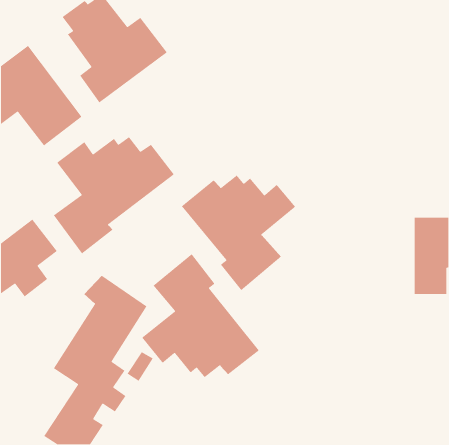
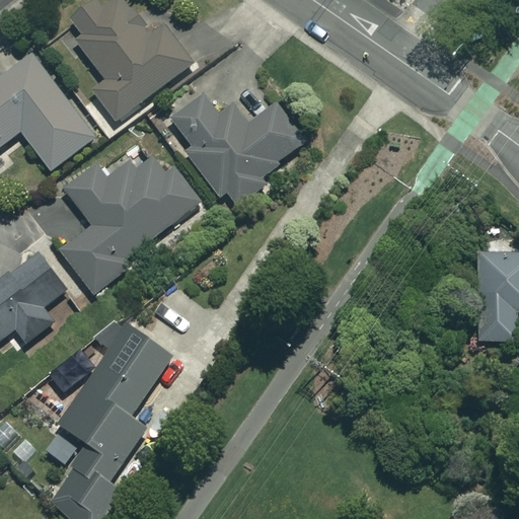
building: none -> [170,92,305,205]
building: [181,174,296,291] -> none
building: [141,253,260,378] -> none

